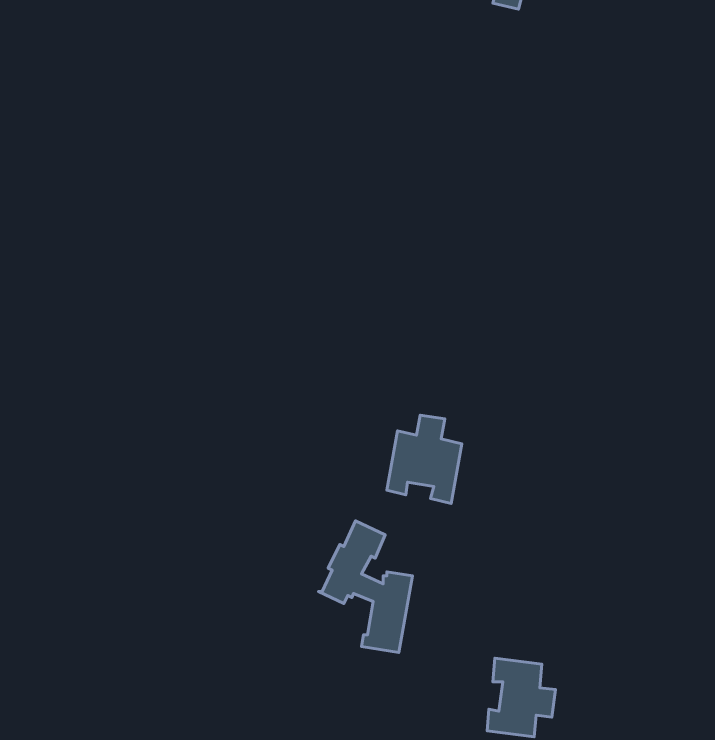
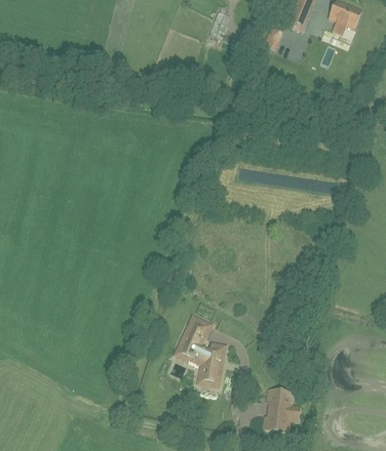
building: [387,415,462,503] -> none

